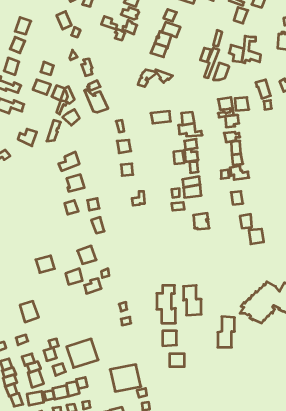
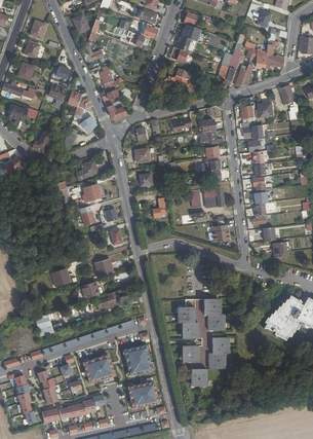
building: [218,317,235,347] -> [207,335,225,367]
building: none -> [123,344,152,377]

